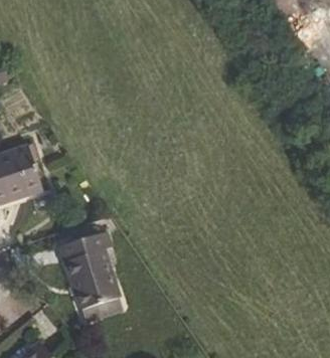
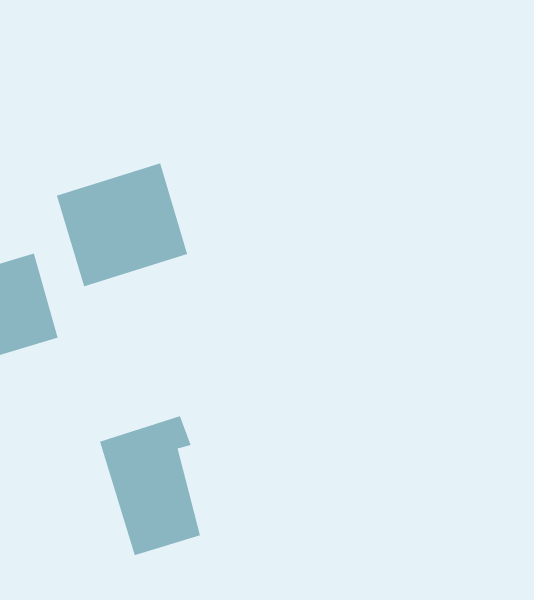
building: none -> [56,163,188,287]

